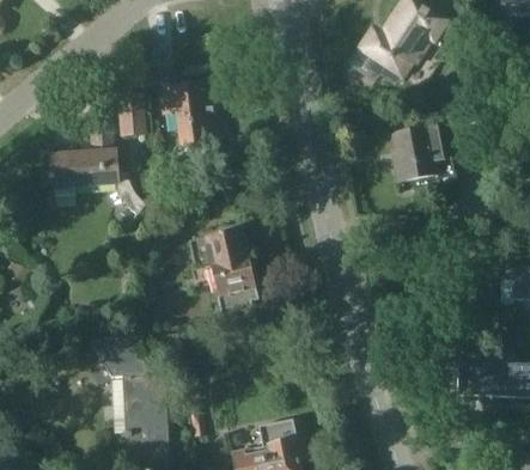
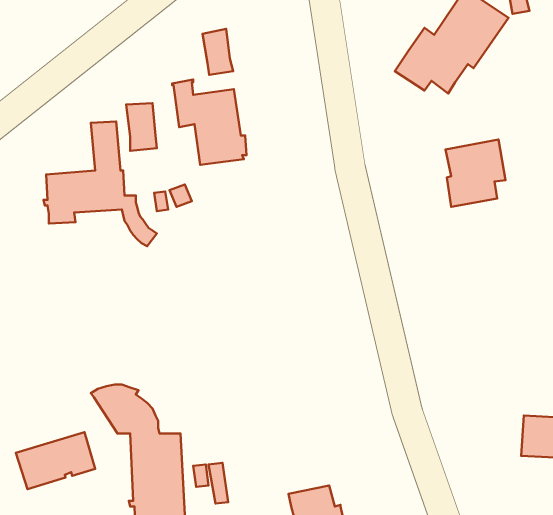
building: none -> [203,29,233,75]
building: [189,228,258,317] -> none
building: none -> [16,432,95,489]

